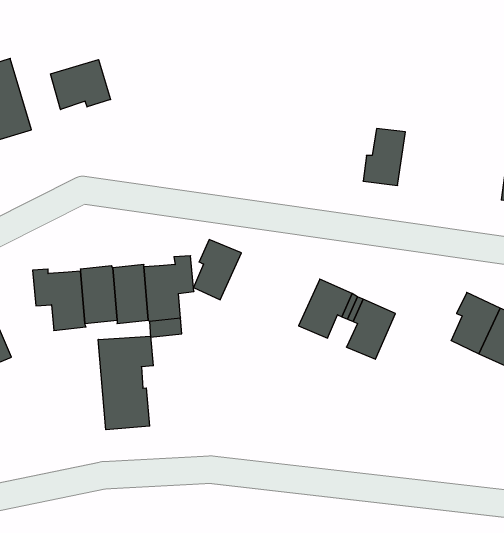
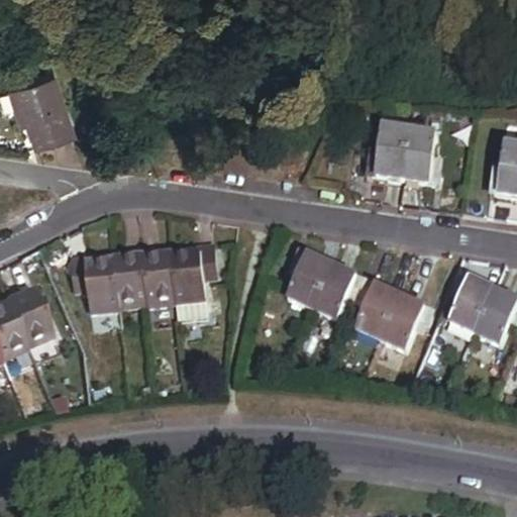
building: [50,60,111,110] -> none
building: none -> [401,129,437,183]
building: [194,240,241,300] -> [287,250,330,305]
building: none -> [381,294,428,346]
building: [98,336,153,430] -> none

